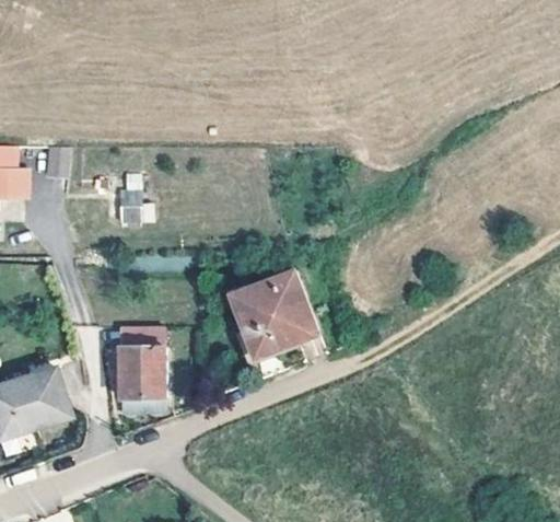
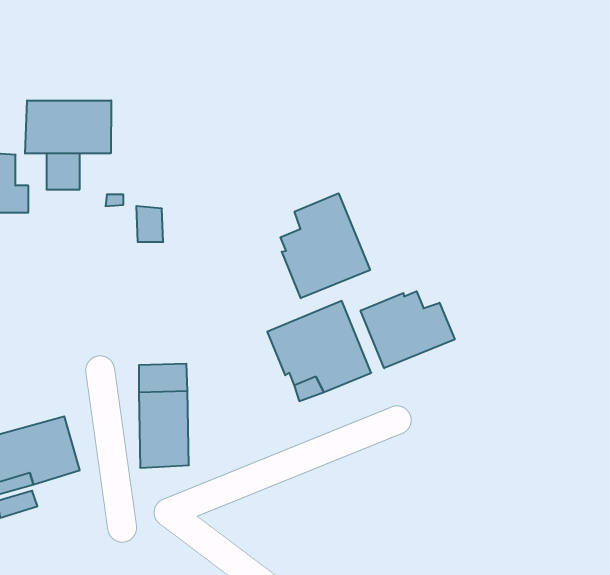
building: none -> [25,100,111,154]
building: none -> [280,193,370,298]
building: none -> [361,291,455,368]

